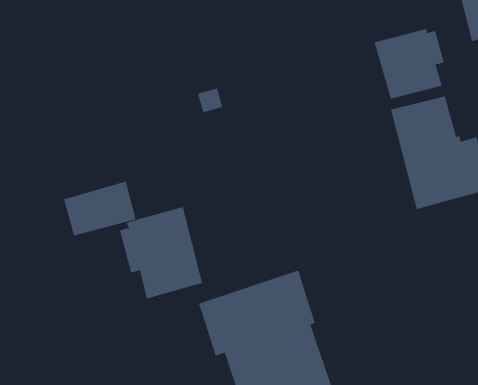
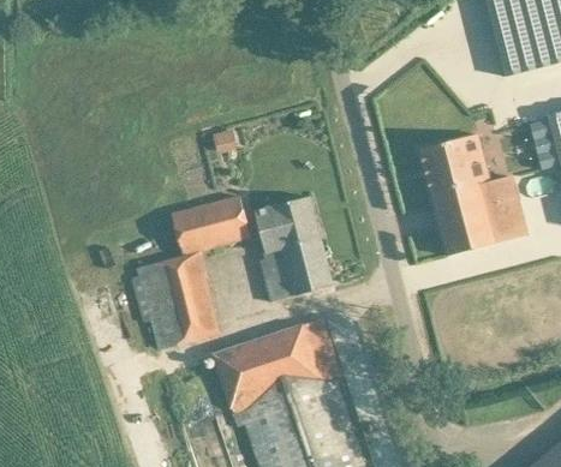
building: [374,28,444,99] -> none
building: none -> [253,197,332,301]
building: [63,181,137,236] -> [172,196,250,255]

